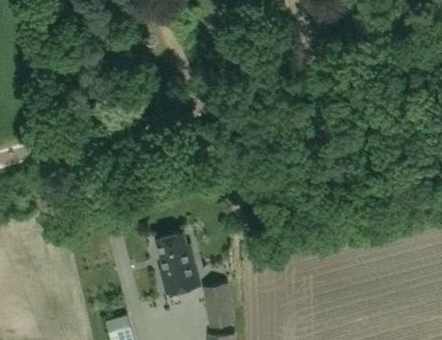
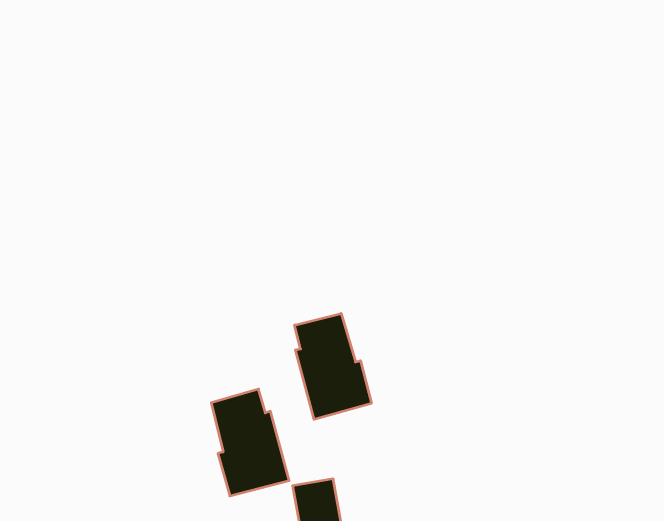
building: none -> [295,313,371,419]

